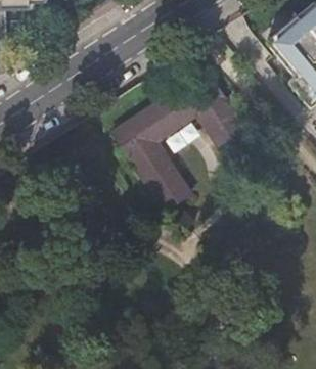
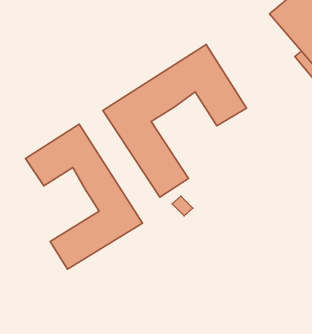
building: none -> [25,124,142,269]

